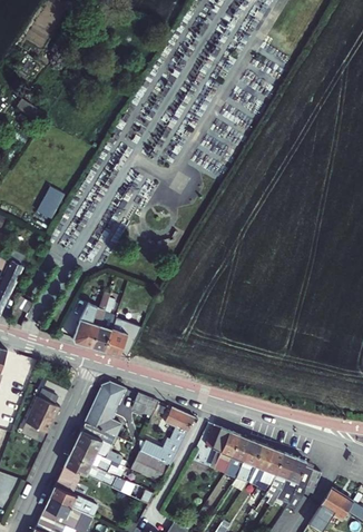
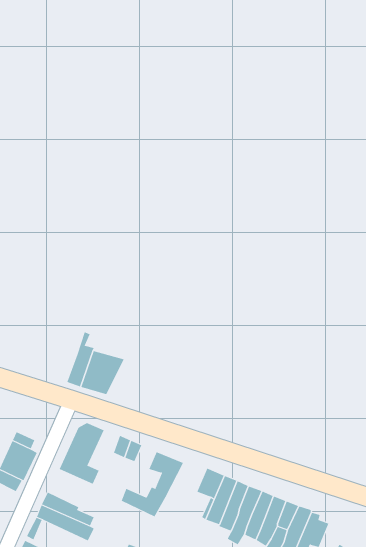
building: [37,185,66,218] -> none
building: [70,303,99,347] -> none
building: [73,424,121,465] -> none
building: [129,452,168,483] -> none

